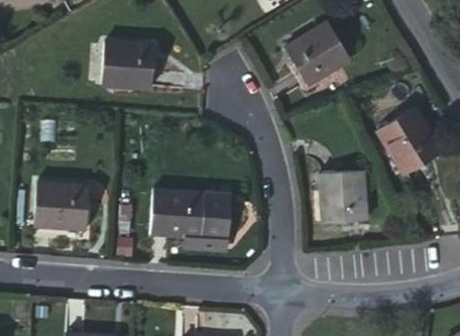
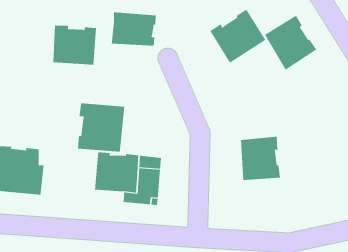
building: none -> [111,12,156,47]
building: [379,108,441,173] -> [264,15,317,70]
building: none -> [78,103,125,152]

